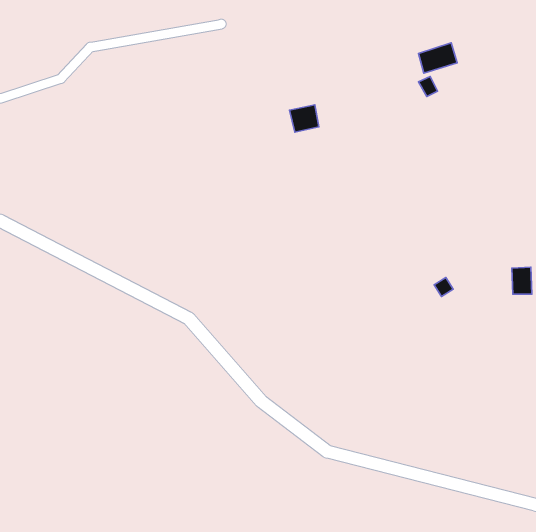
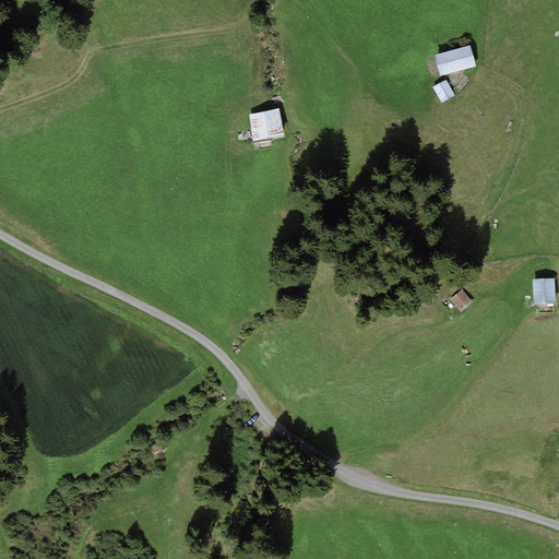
building: [290,105,319,132] -> [251,107,282,135]

